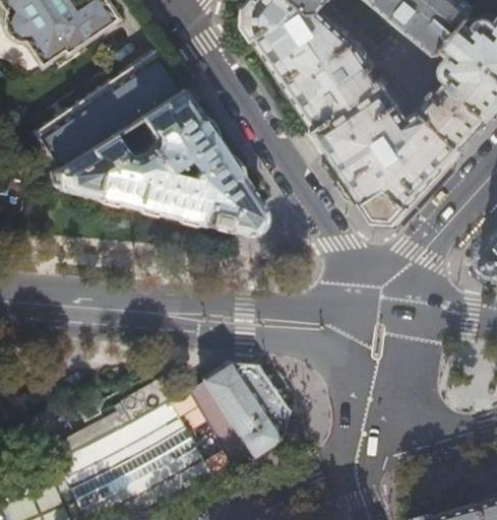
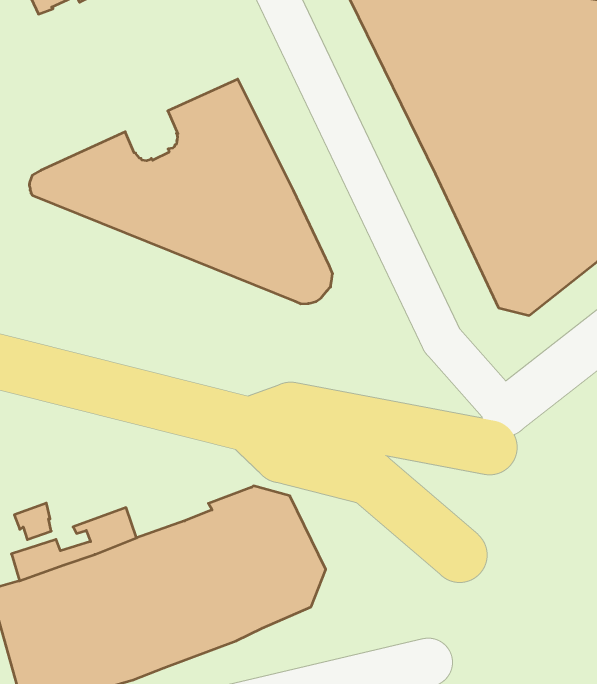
building: [32,50,181,171] -> none

